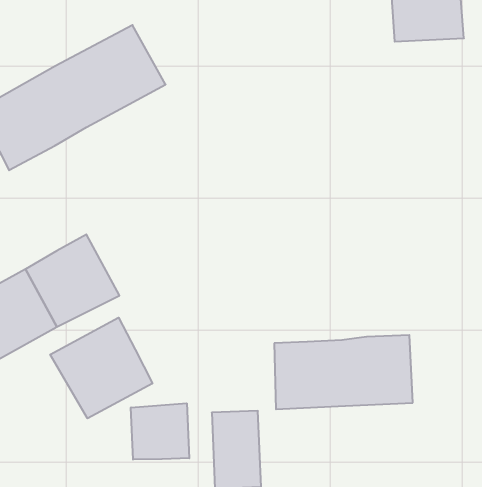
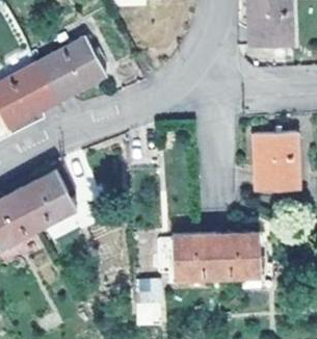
building: none -> [253,130,298,189]
building: [50,318,152,418] -> none
building: [131,403,189,460] -> none

